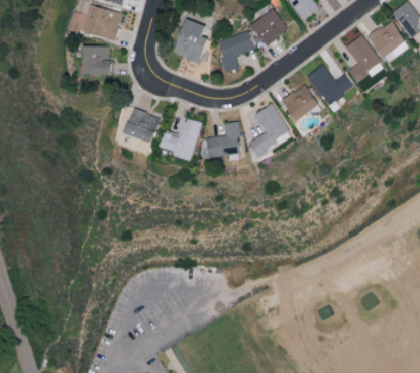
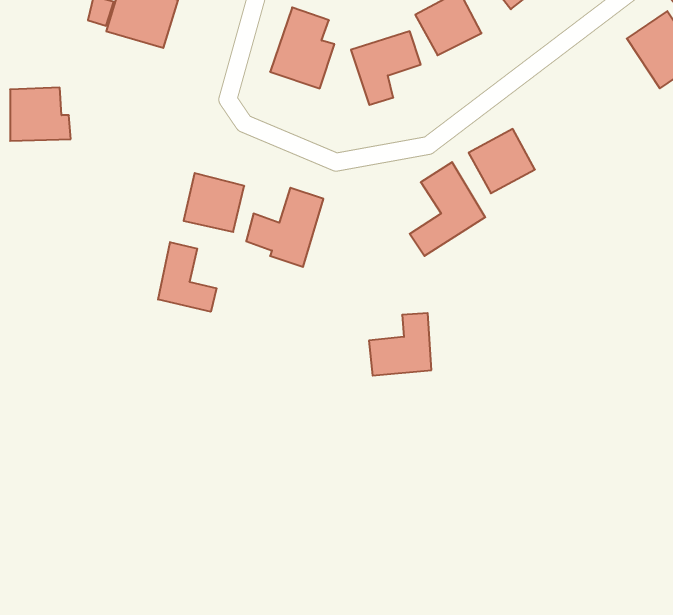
building: [345,35,384,84] -> none
building: [81,45,114,75] -> [10,88,71,141]
building: [306,65,353,106] -> none
building: [206,122,240,157] -> [369,313,431,376]
building: none -> [158,242,217,312]

